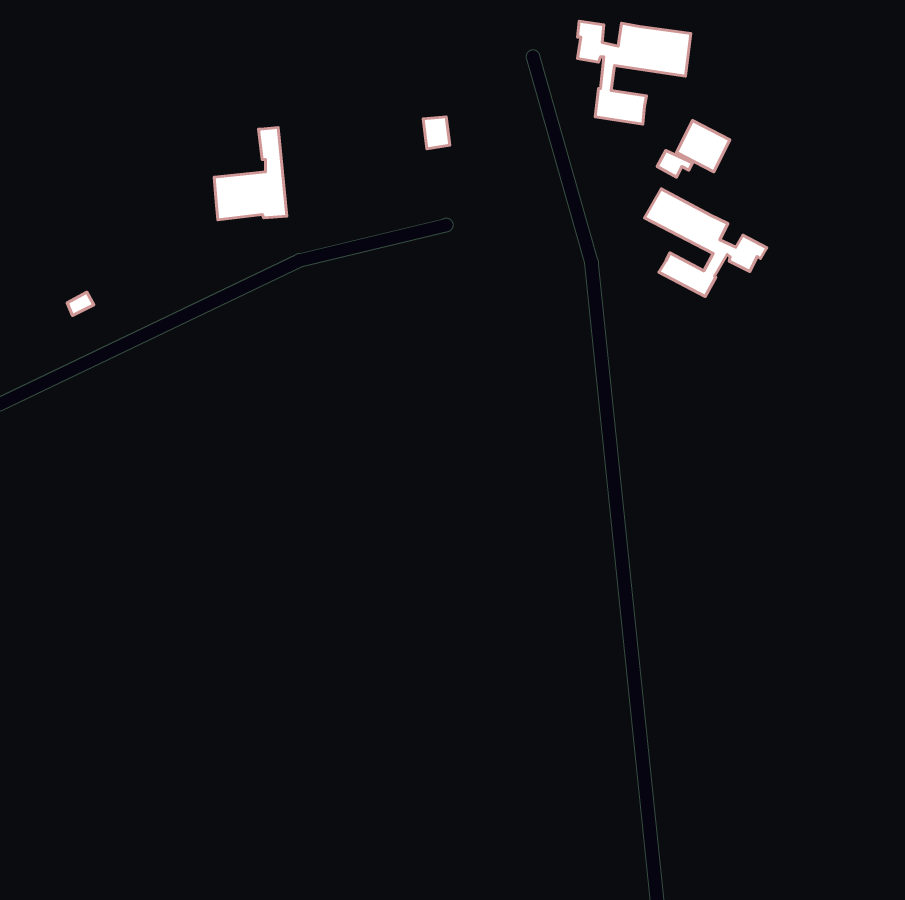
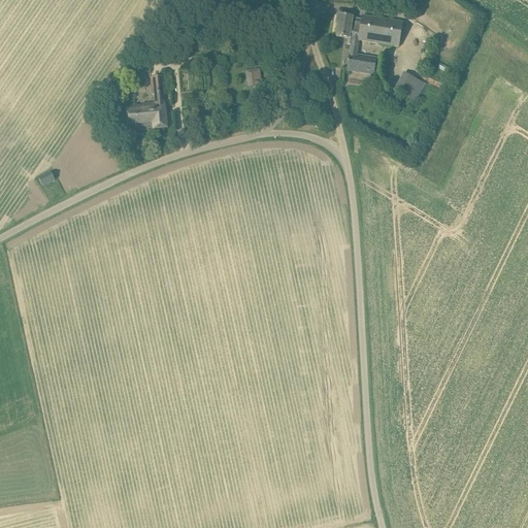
building: [645,189,767,297] -> none

